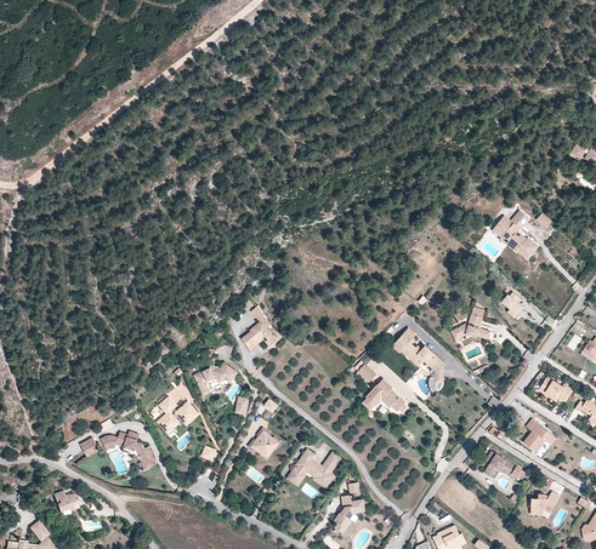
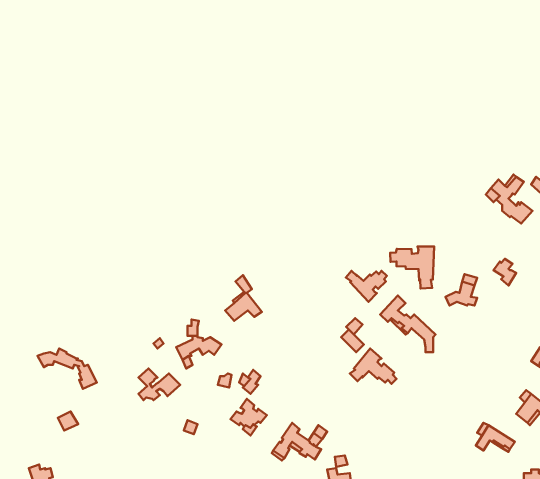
building: none -> [390,246,434,288]
building: none -> [346,271,387,302]
building: [101,433,158,471] -> [38,348,97,389]

